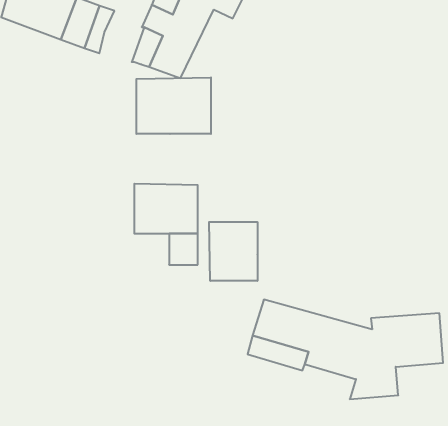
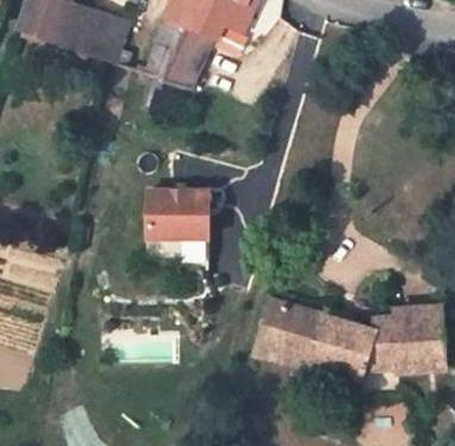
building: [136,77,211,134] -> none
building: [209,222,257,281] -> none

